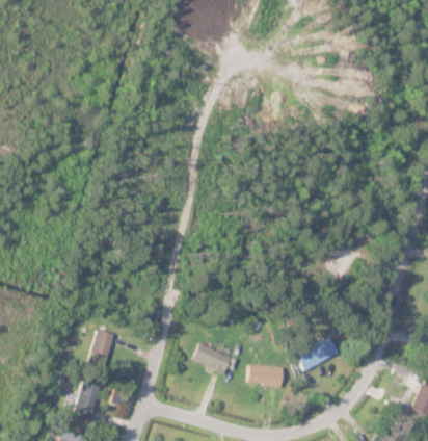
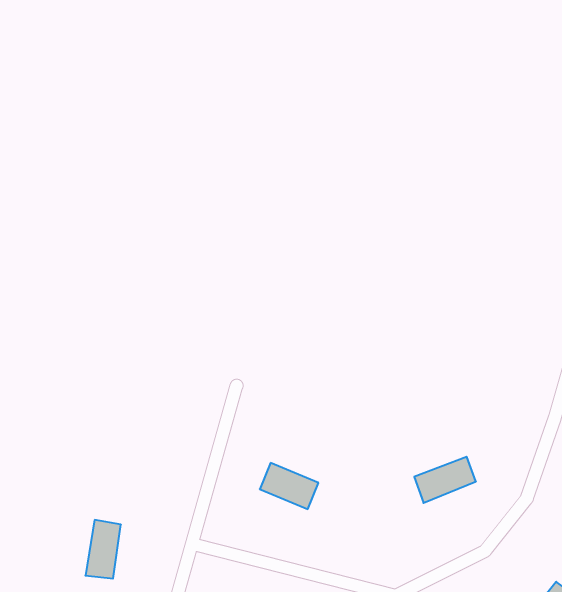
building: [88,330,115,367] -> none
building: [247,364,283,386] -> none

